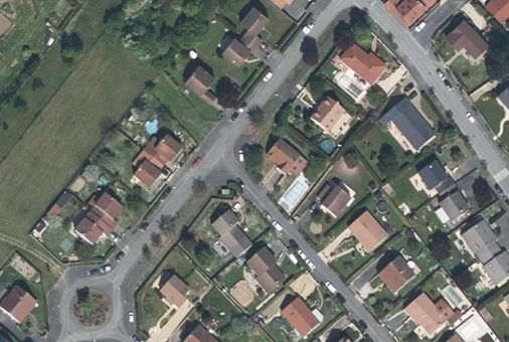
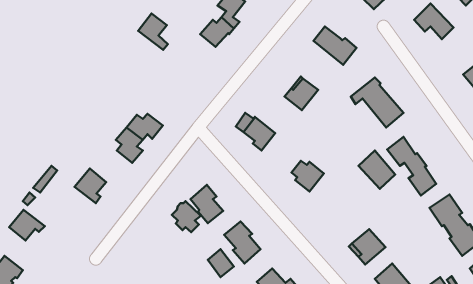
building: [184,64,215,103] -> [138,14,168,50]
building: [348,211,386,251] -> [359,151,395,189]
building: [74,212,112,244] -> [9,210,45,241]
building: [159,277,189,309] -> [172,201,201,232]

